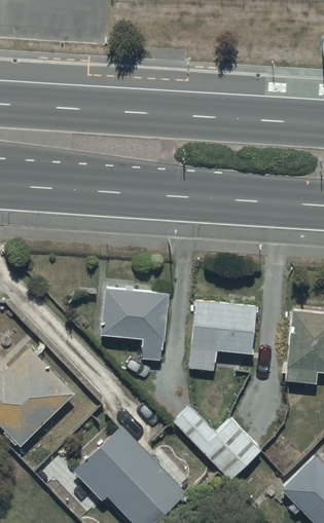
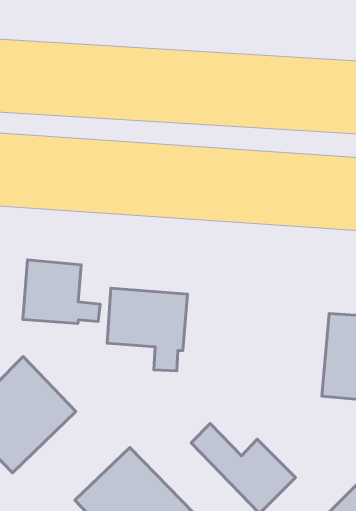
building: none -> [23,260,100,323]
building: [189,301,257,371] -> none

